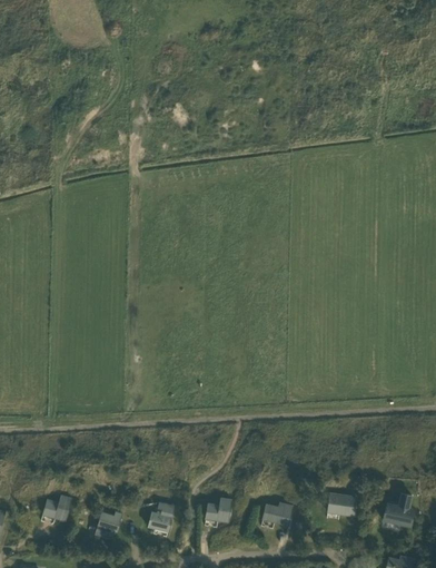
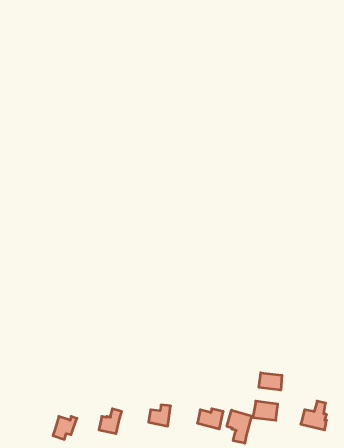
building: none -> [259,373,282,390]
building: [42,496,71,521] -> none
building: none -> [227,410,252,443]

